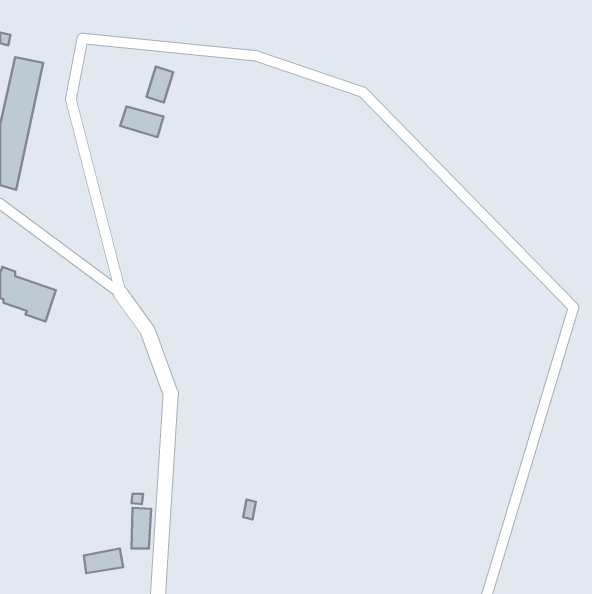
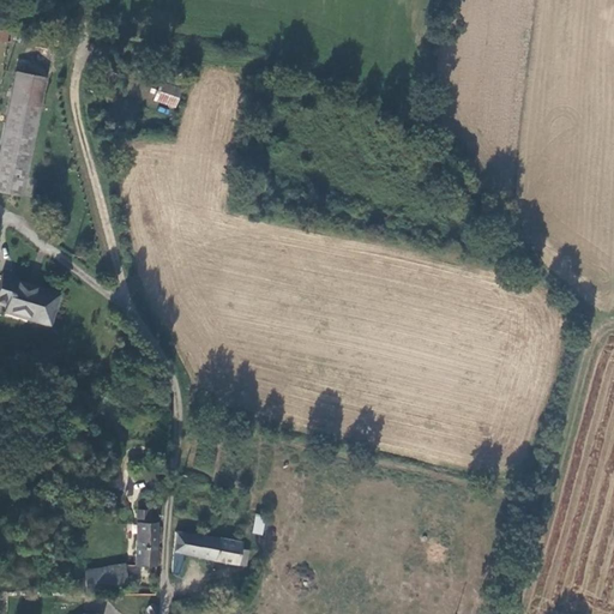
building: [120,107,163,137] -> none
building: none -> [173,531,249,573]

